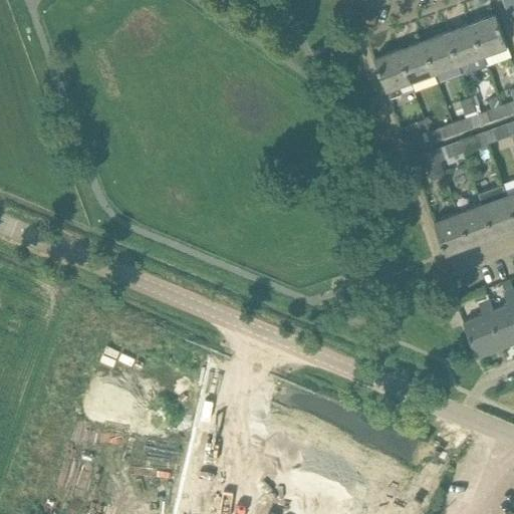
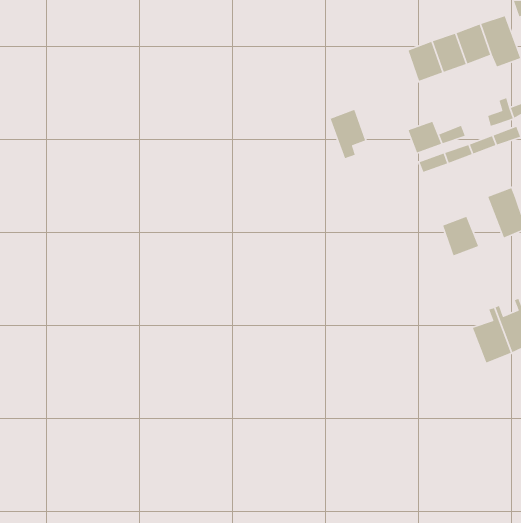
building: [376,49,413,98] -> [329,109,366,159]
building: [455,96,483,134] -> none
building: [460,203,496,242] -> none

